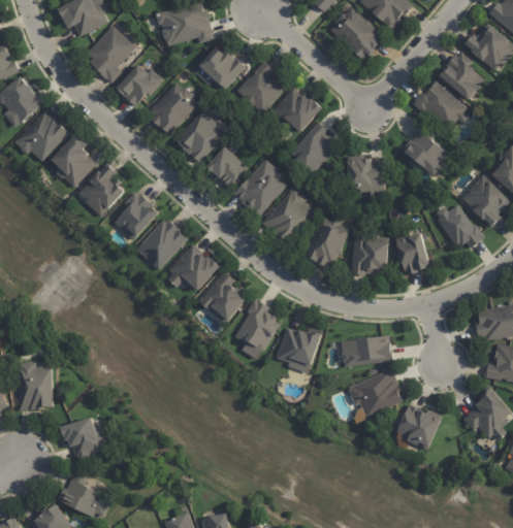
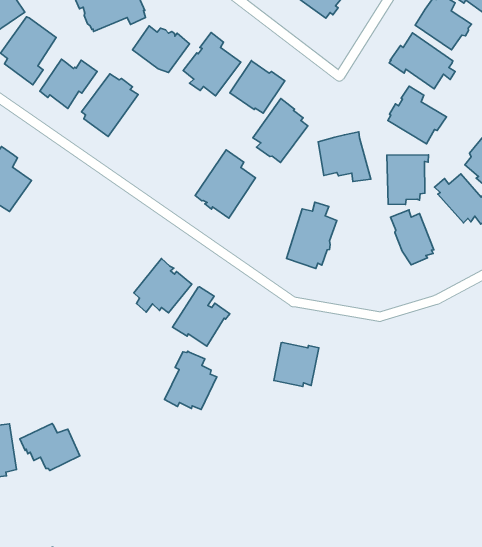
building: [171,106,228,164] -> none
building: [203,145,247,188] -> none
building: [83,164,124,216] -> none
building: [263,187,315,245] -> none
building: [119,191,159,238] -> none
building: [136,220,189,270] -> none
building: [351,234,390,277] -> [387,155,429,204]
building: [233,300,280,351] -> [165,351,217,410]
building: [340,336,390,367] -> none
building: [346,369,400,419] -> none
building: [399,406,444,452] -> none
building: [59,419,107,458] -> [20,424,80,471]

